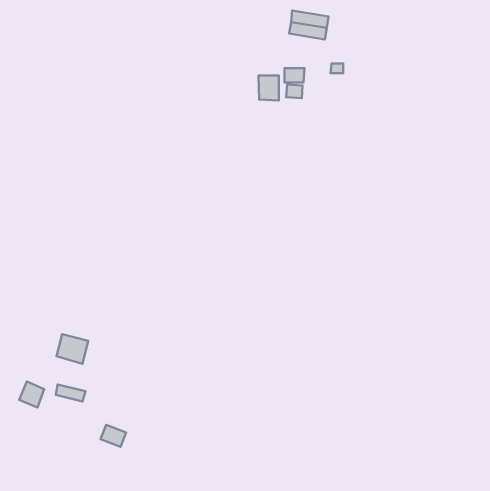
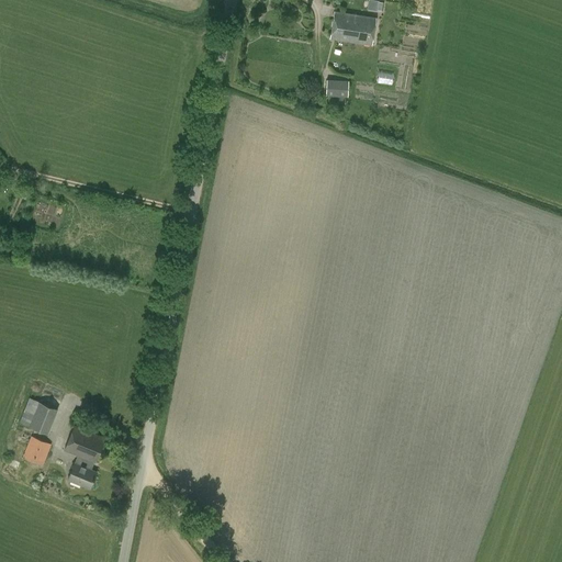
building: [259,76,279,101] -> none
building: [56,334,88,364] -> [21,398,57,432]
building: [100,425,126,447] -> [68,463,98,488]

